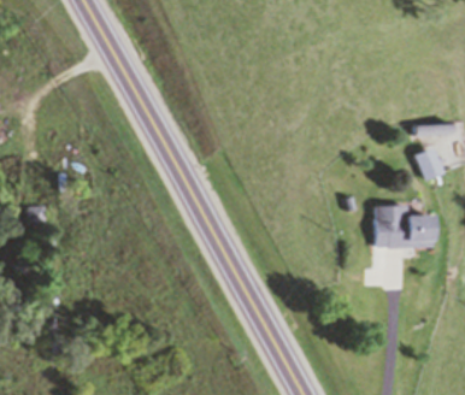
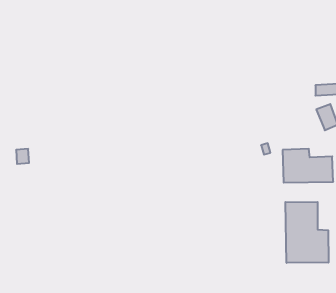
building: none -> [285,202,328,263]

